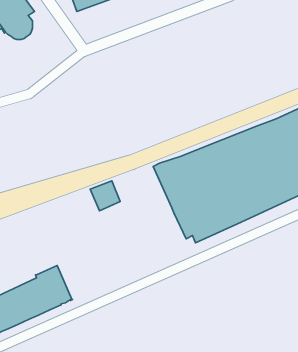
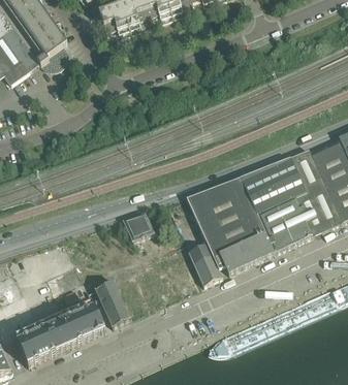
building: none -> [189,243,223,284]
building: none -> [96,280,131,325]

